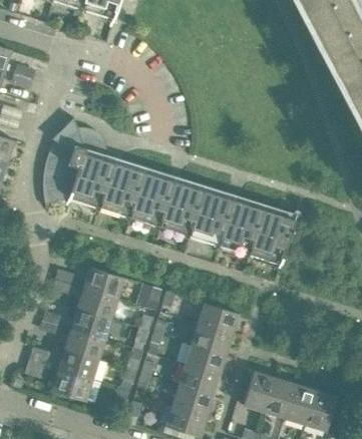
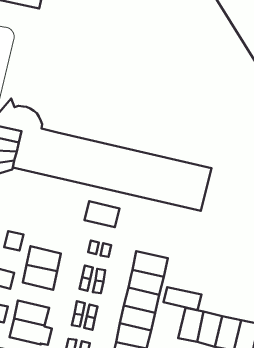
building: [82,267,123,299] -> [84,201,120,227]
building: [63,329,104,360] -> none
building: none -> [164,287,201,310]

